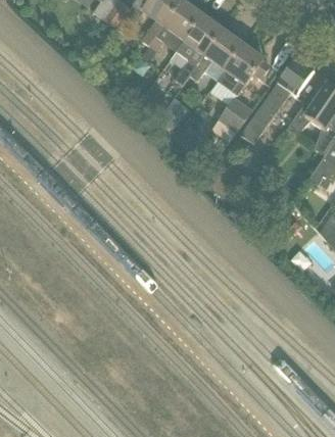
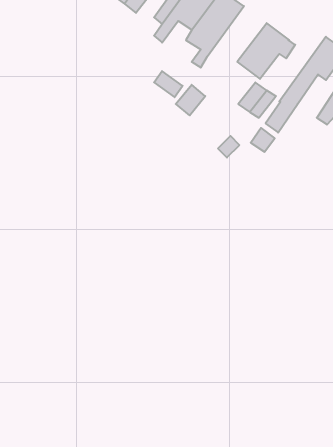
building: [190,28,243,79] -> none

